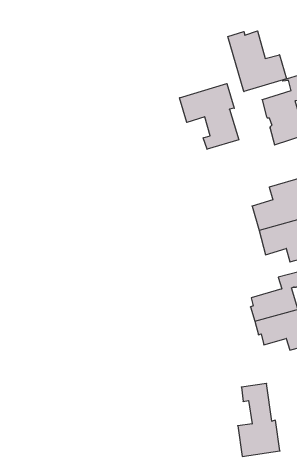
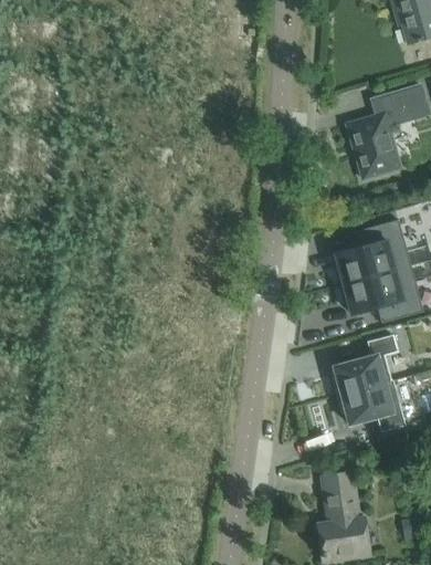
building: [228,31,287,92] -> none
building: [180,84,239,149] -> none

